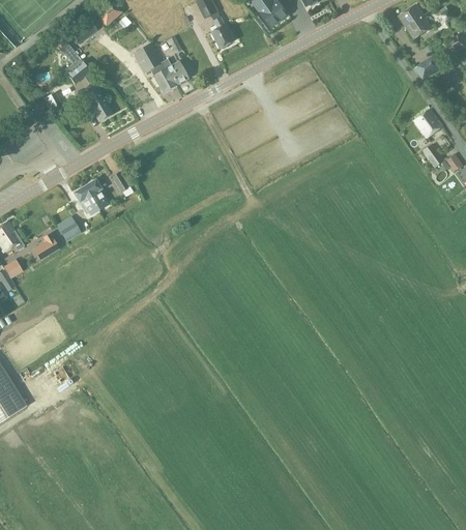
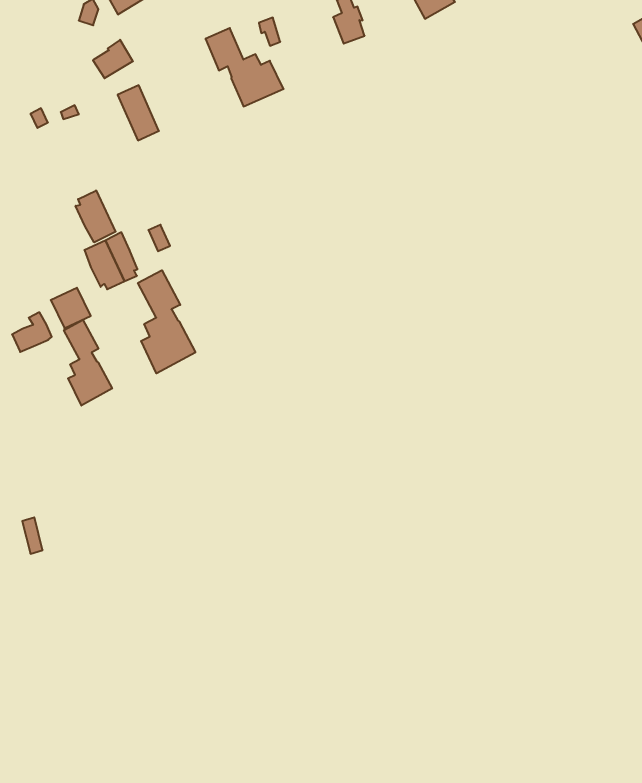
building: none -> [76,190,116,242]
building: none -> [138,270,195,373]
building: none -> [64,320,112,406]

